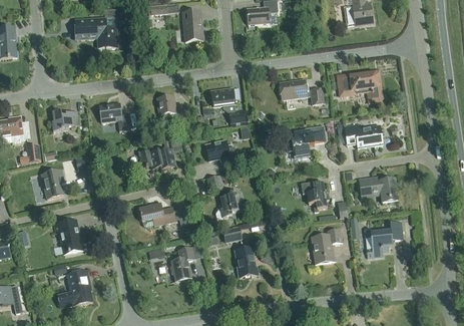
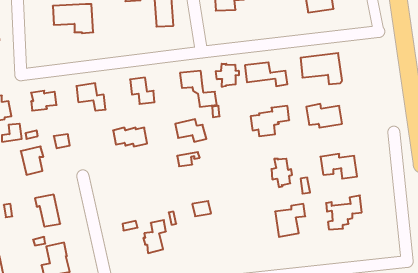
building: none -> [216,64,239,87]
building: [216,190,241,218] -> none
building: [140,202,191,226] -> none
building: [235,247,258,276] -> none

